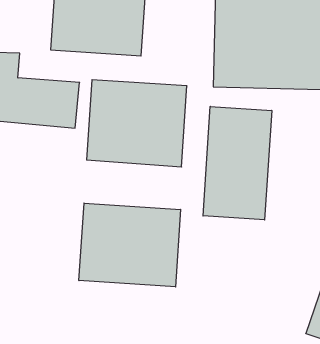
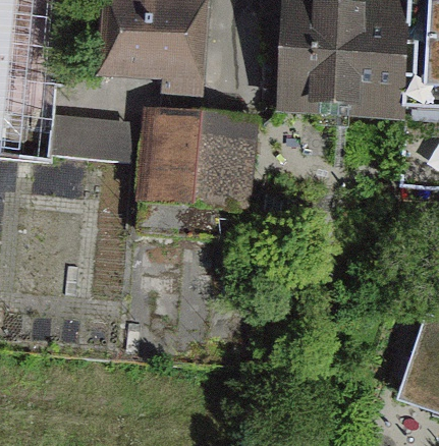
building: [203,106,272,220] -> none
building: [79,203,181,287] -> none

